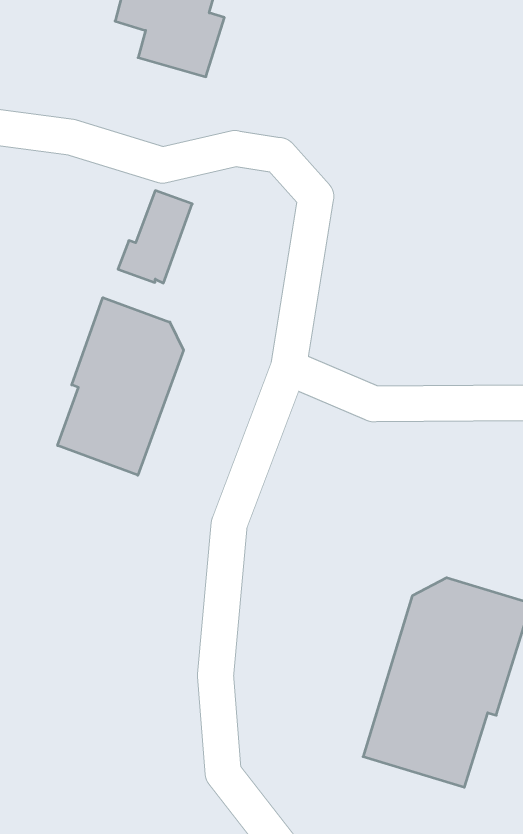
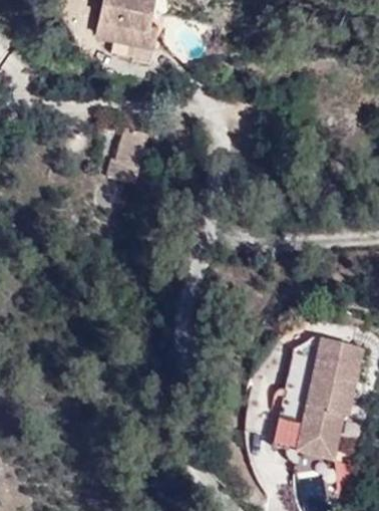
building: [58,298,183,475] -> none

